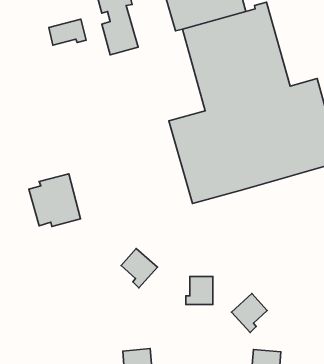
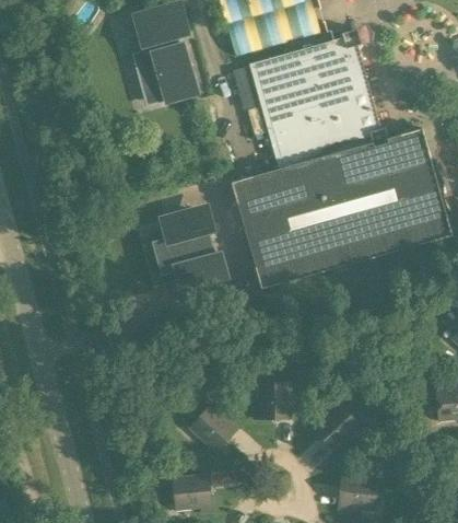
building: [49,19,86,45] -> none
building: [29,174,81,227] -> [154,213,221,281]
building: [121,249,158,288] -> [189,405,236,455]

